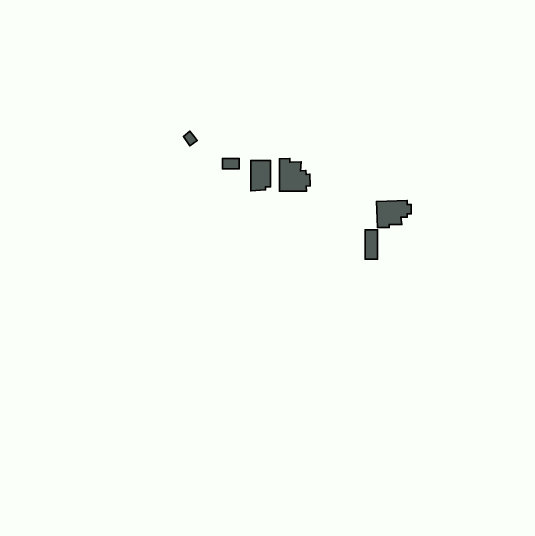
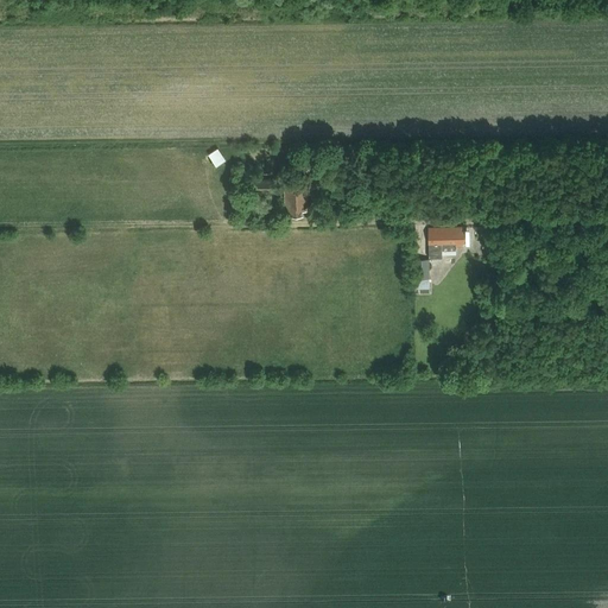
building: [279,158,310,191] -> none

